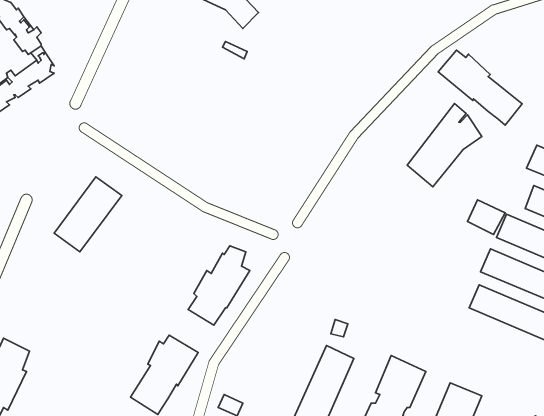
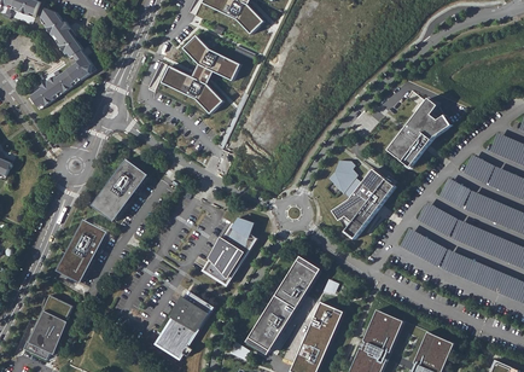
building: none -> [161,36,240,115]
building: [438,50,522,125] -> none
building: none -> [461,155,493,185]
building: none -> [327,161,395,239]
building: none -> [417,203,455,237]
building: none -> [57,220,107,284]
building: none -> [398,229,444,267]
building: none -> [249,260,320,353]

